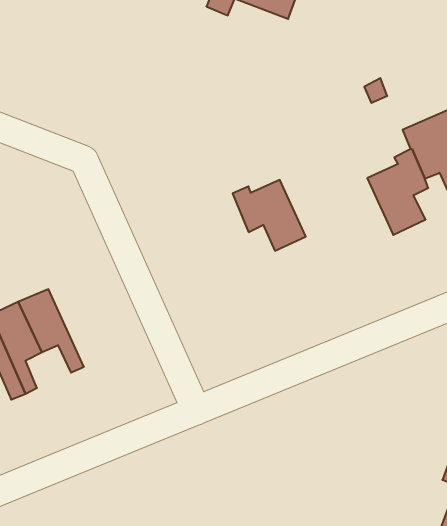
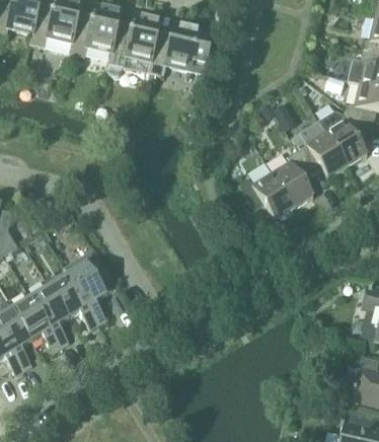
building: [233,180,306,251] -> [239,171,292,219]
building: none -> [66,249,116,322]

